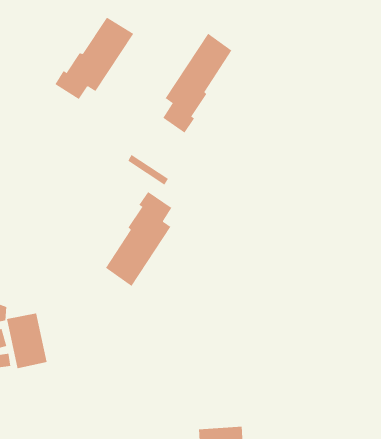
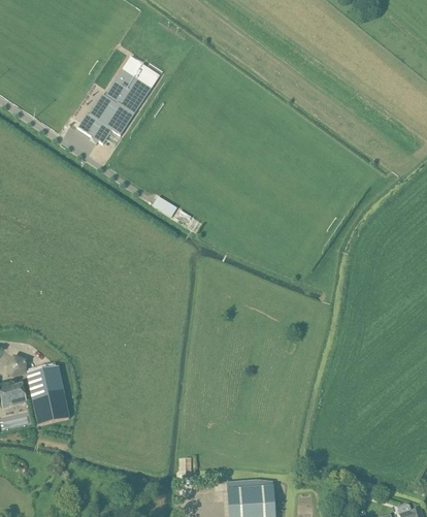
building: [162,33,232,133] -> none
building: [105,191,172,287] -> none

